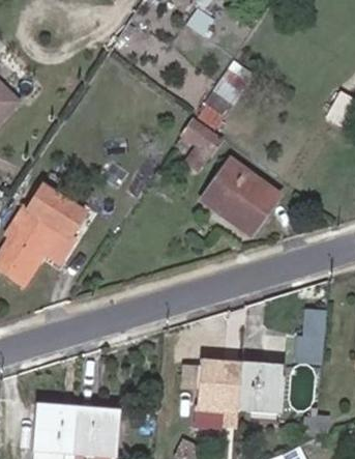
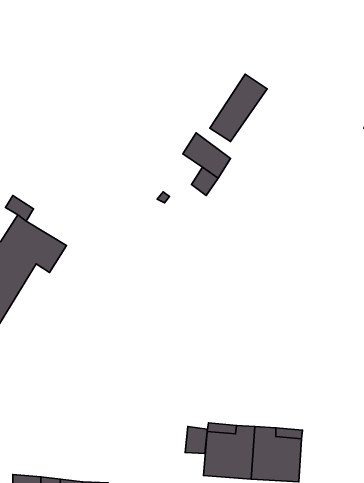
building: [201,156,280,233] -> none
building: [297,303,327,358] -> none

